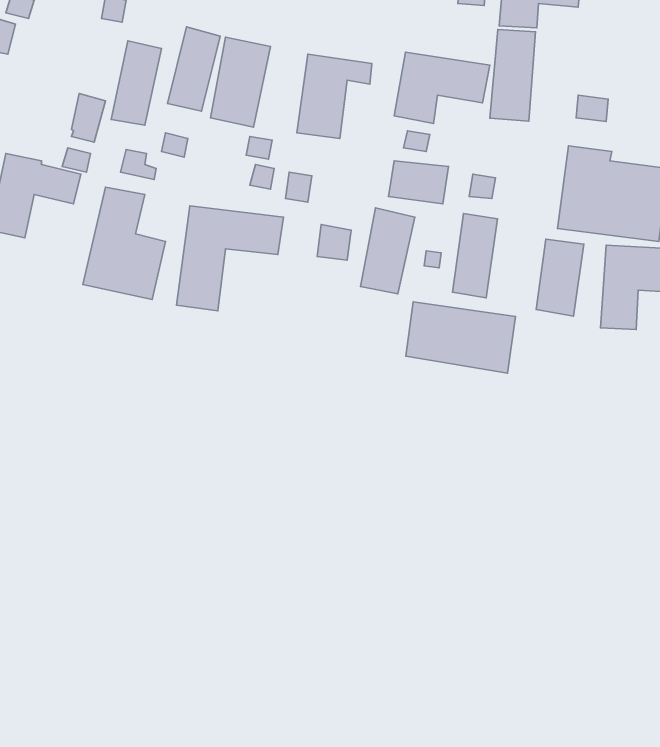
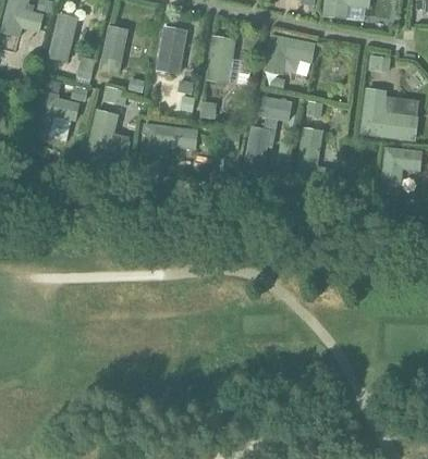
building: [168,27,220,111] -> [47,13,77,62]
building: [490,29,535,121] -> none
building: [536,239,584,316] -> none
building: [406,302,515,373] -> none

